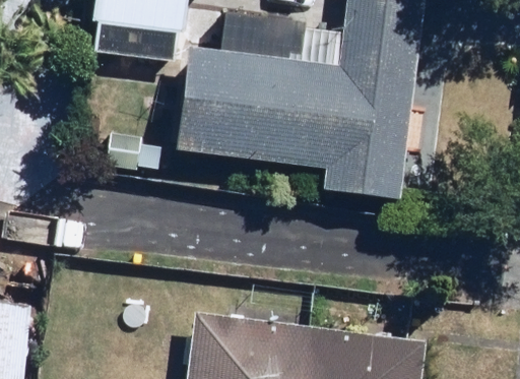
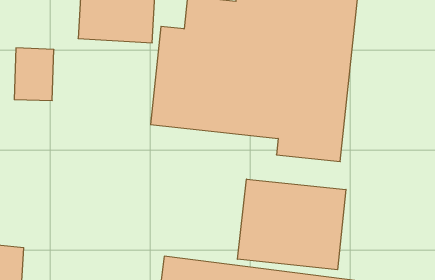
building: none -> [237,179,346,270]

